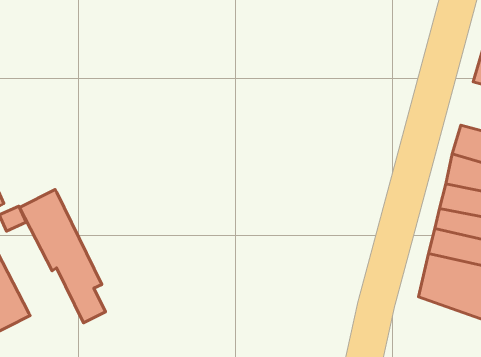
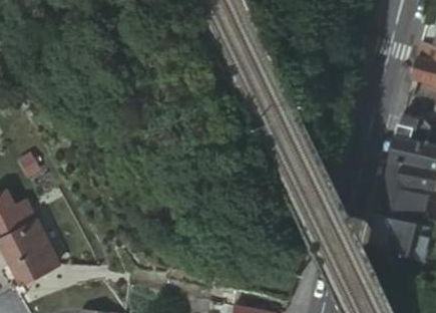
building: [19,189,105,323] -> none

